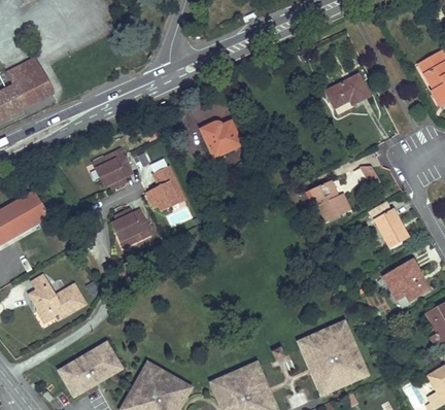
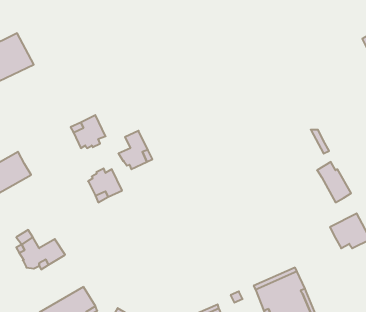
building: [327,75,368,107] -> none
building: [201,122,241,158] -> none
building: [308,180,349,219] -> none

